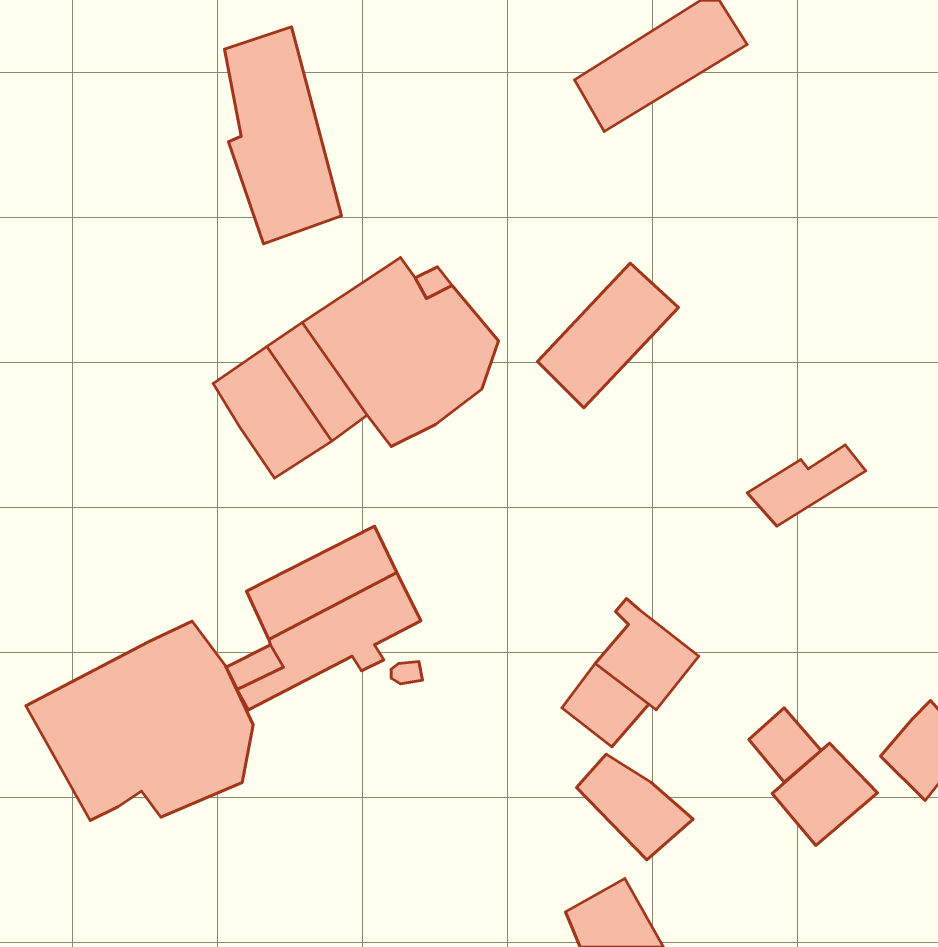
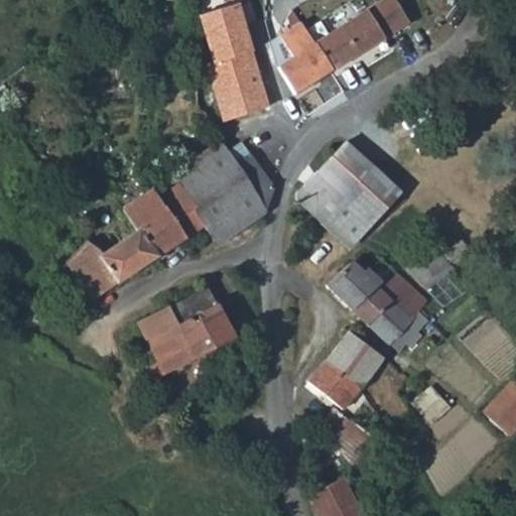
building: [225,27,341,244] -> [205,4,268,122]
building: none -> [282,22,334,94]
building: none -> [322,167,408,247]
building: none -> [68,232,154,299]
building: none -> [328,264,431,342]
building: [26,621,253,821] -> none
building: [772,743,878,845] -> none

